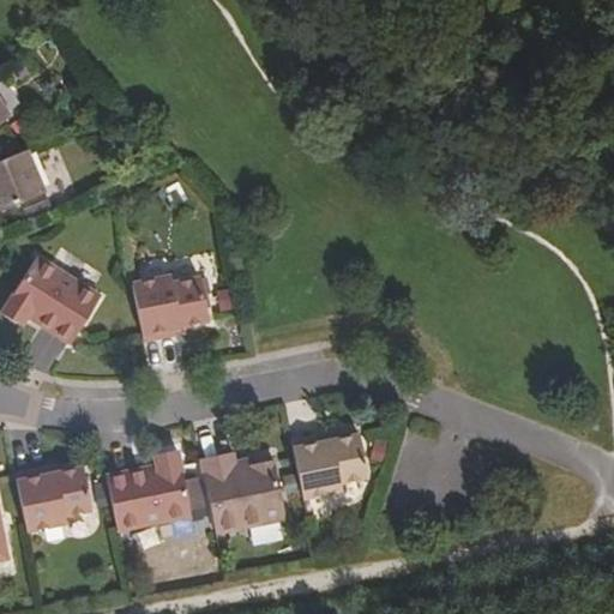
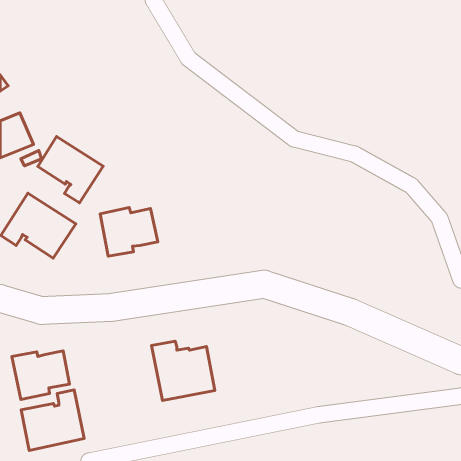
building: none -> [38,136,103,203]
building: [291,434,368,499] -> none
building: [107,450,191,530] -> [21,390,84,450]

